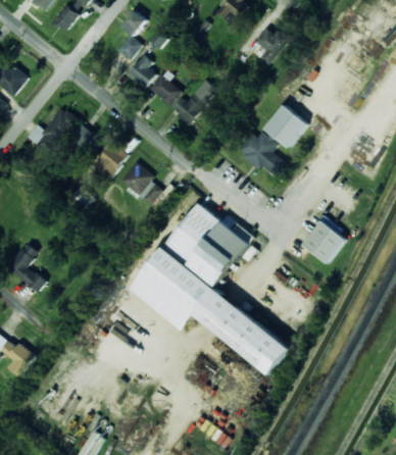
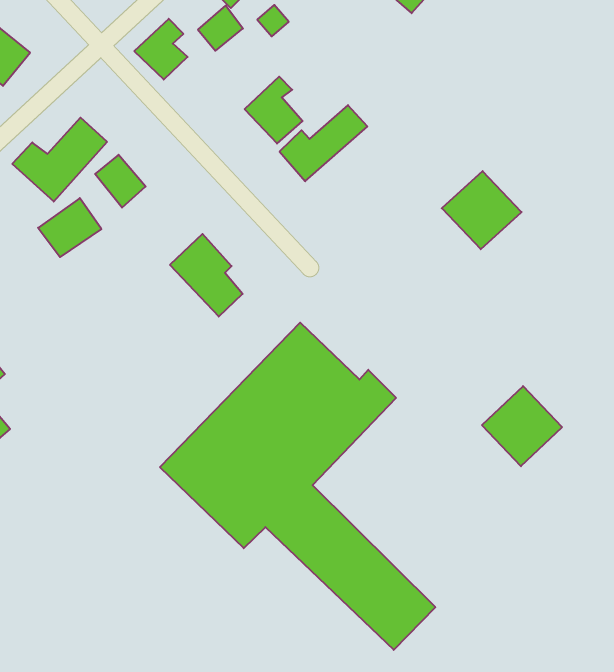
building: [252,26,288,65] -> none
building: [127,55,156,89] -> [134,19,188,80]
building: [237,131,286,176] -> none
building: [93,144,128,178] -> [38,198,101,257]

